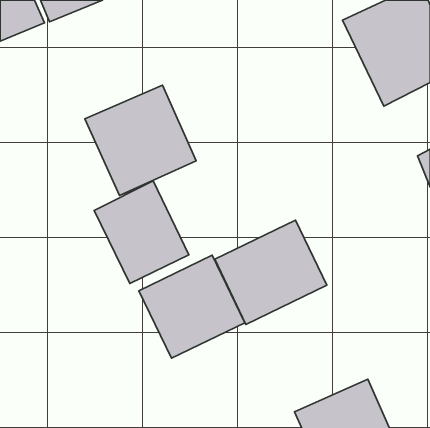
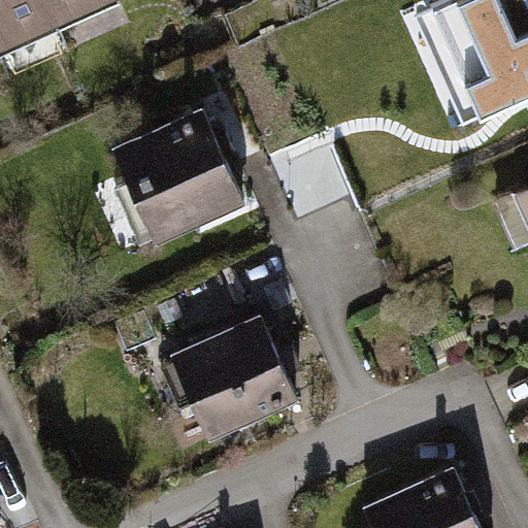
building: [94,181,189,283] -> none
building: [215,220,327,324] -> none

